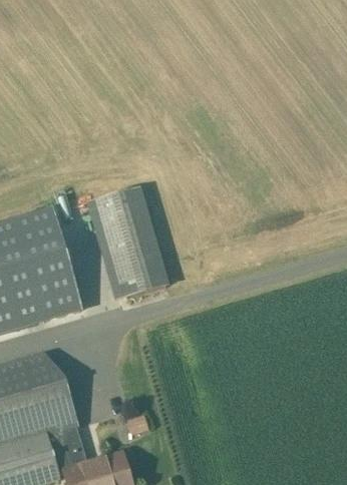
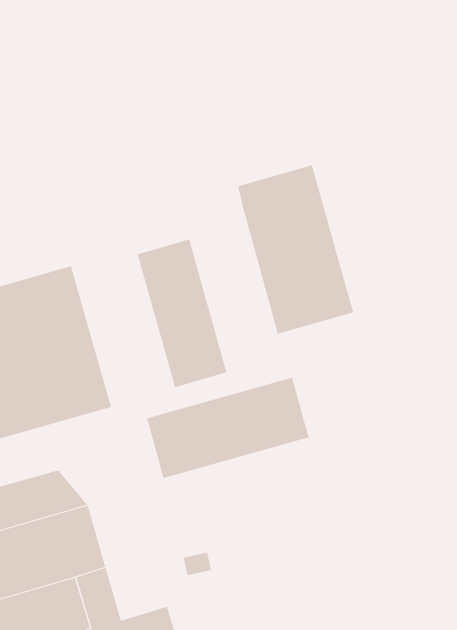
building: none -> [237,165,354,334]
building: none -> [146,377,309,479]

